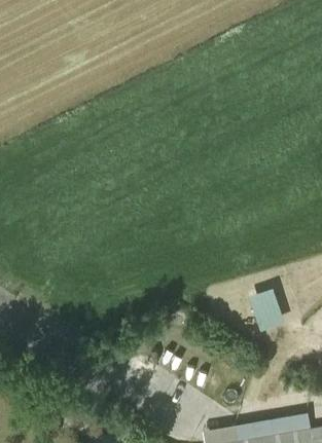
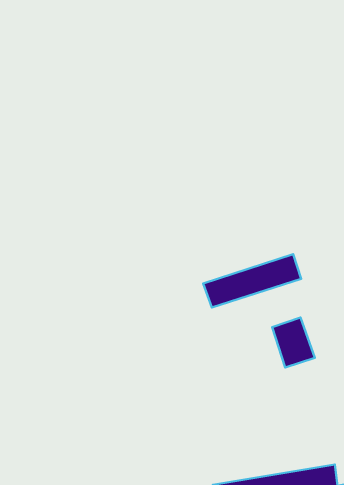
building: none -> [203,254,301,308]

